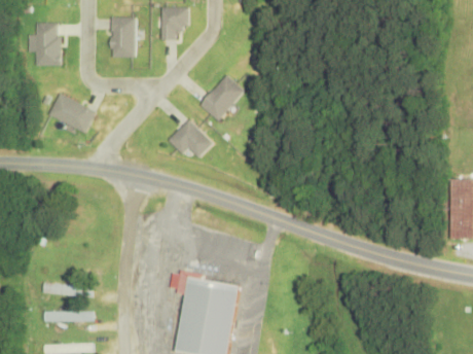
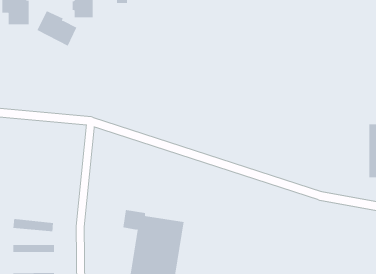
building: [199,73,244,119] -> none
building: [50,91,97,132] -> [37,10,77,46]
building: [168,118,212,156] -> none

